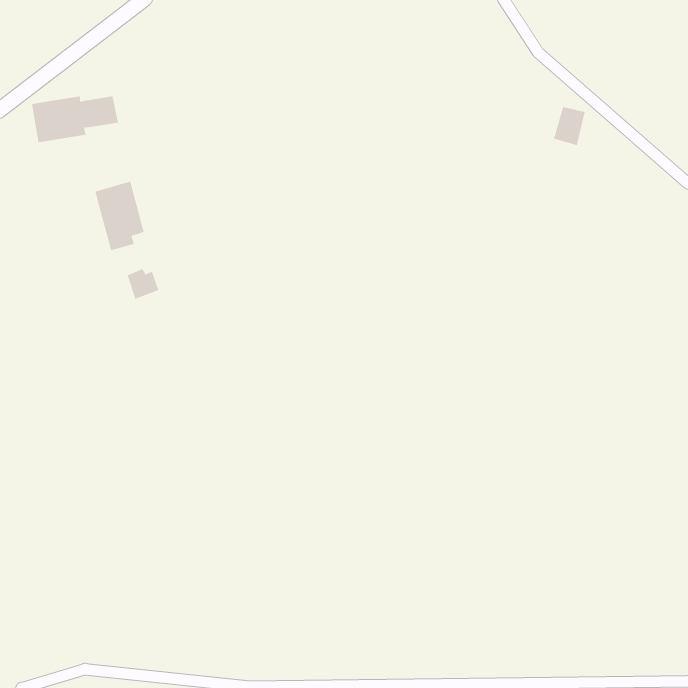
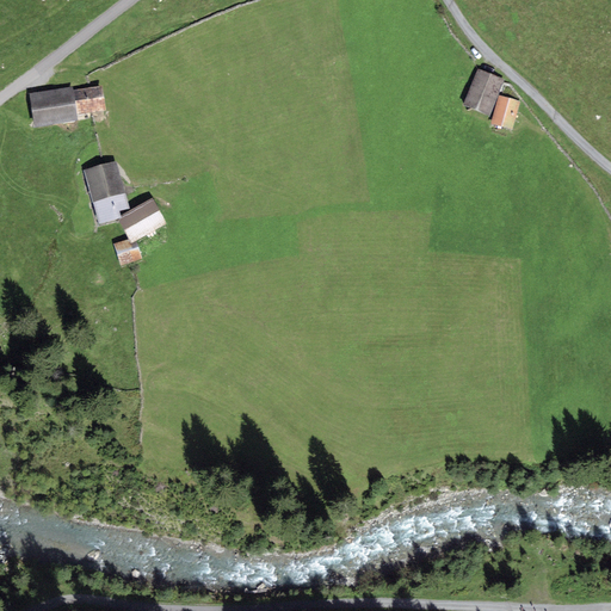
building: none -> [462,68,502,113]
building: none -> [117,197,165,241]

